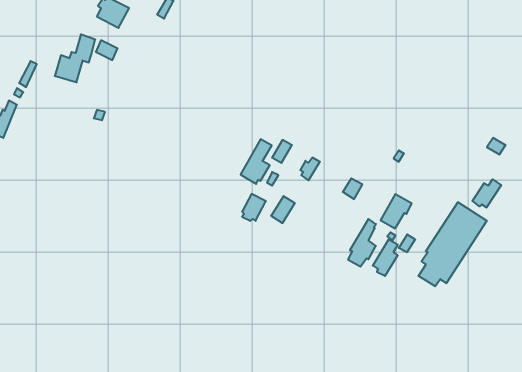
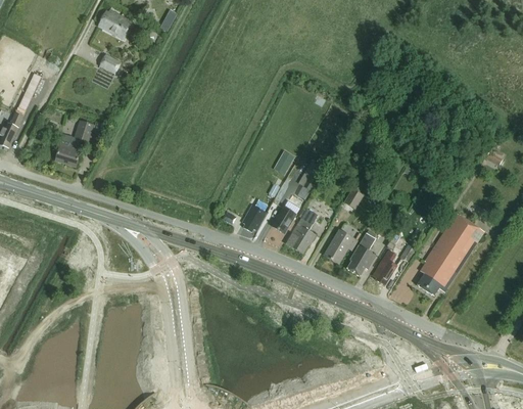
building: [55,34,95,82] -> [54,118,94,165]
building: [241,139,272,184] -> [287,208,318,252]
building: [472,179,501,208] -> none
building: [381,194,412,228] -> [325,229,355,263]

